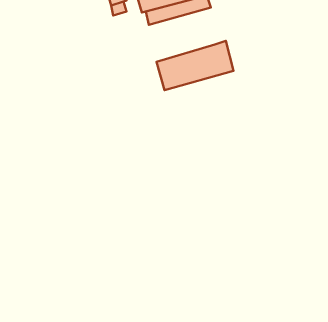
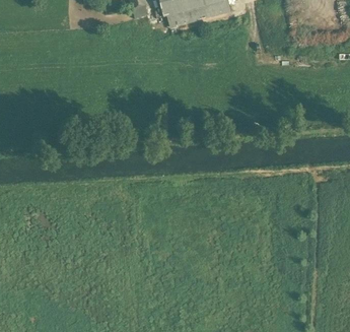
building: [157,41,233,90] -> none

